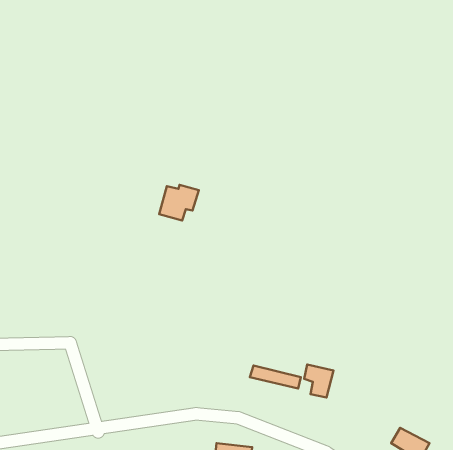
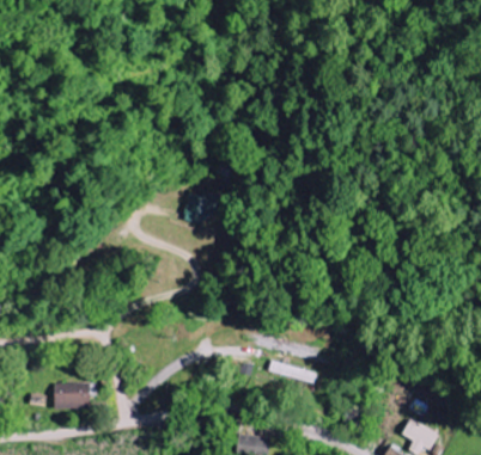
building: [304,364,333,397] -> none
building: none -> [54,381,91,408]

